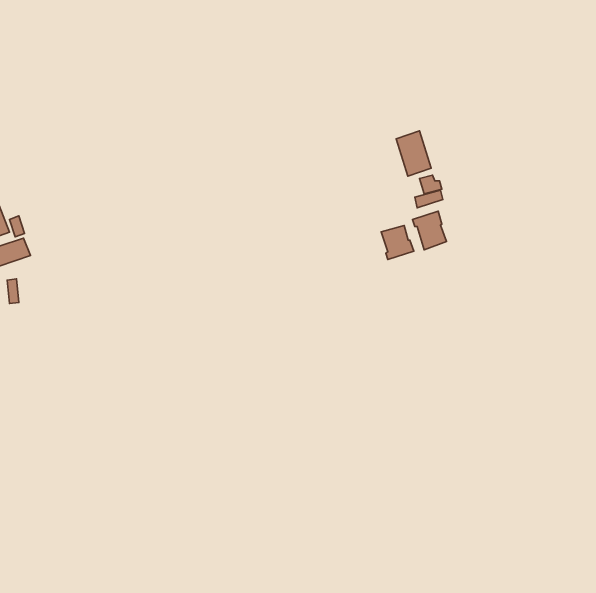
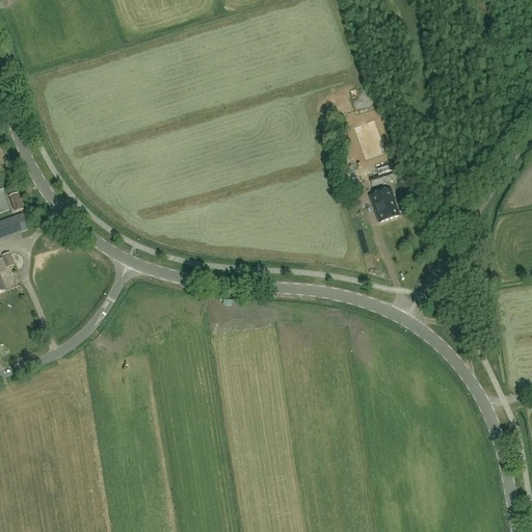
building: [381,225,414,259] -> none

